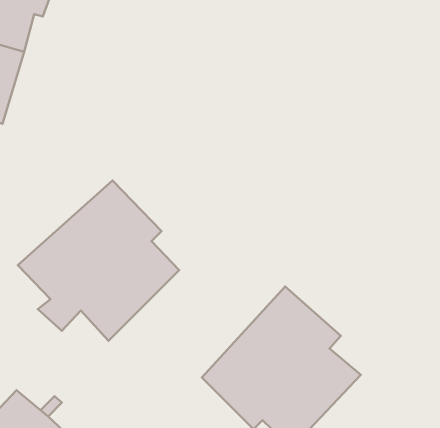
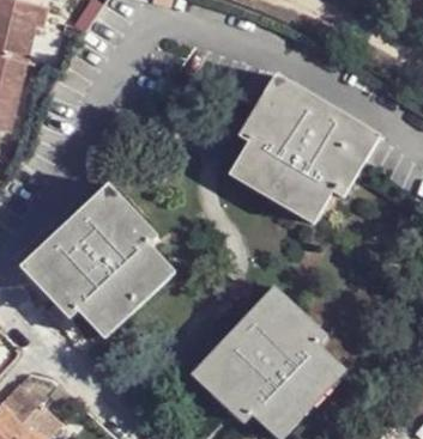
building: none -> [230,73,377,221]

